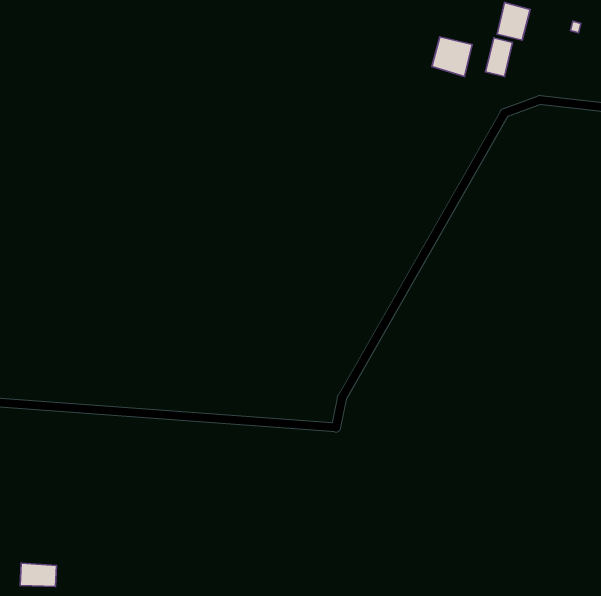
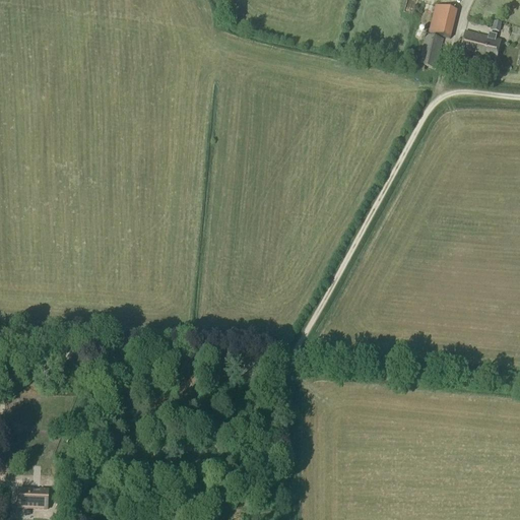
building: none -> [460,27,502,61]
building: [432,37,472,76] -> none

